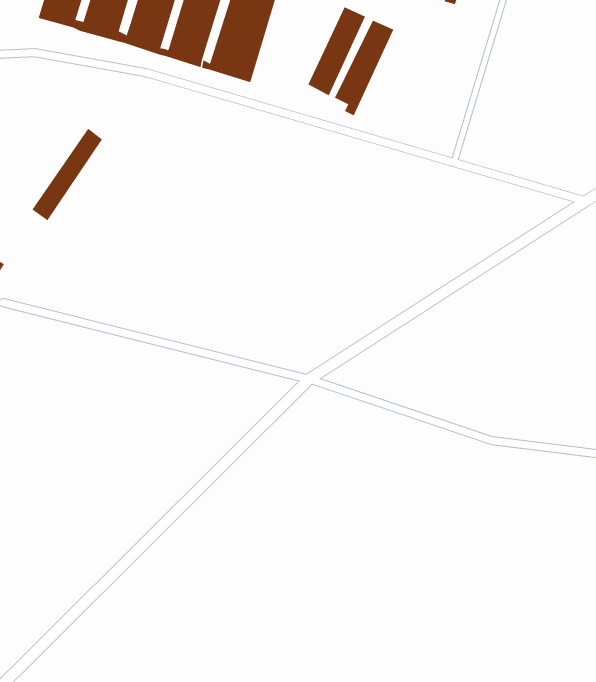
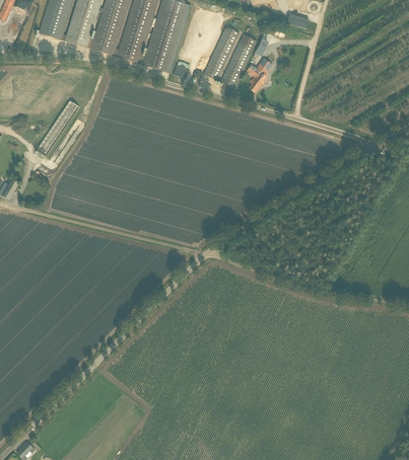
building: none -> [247,57,272,91]

